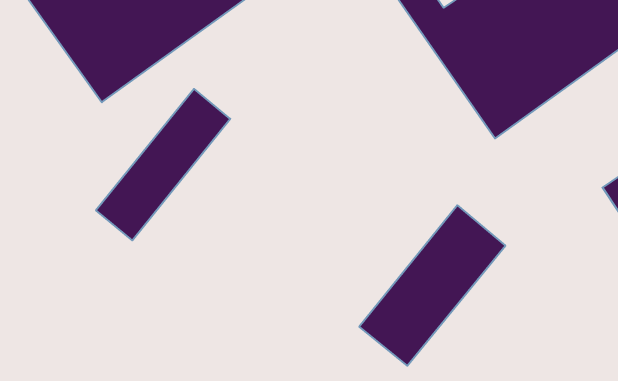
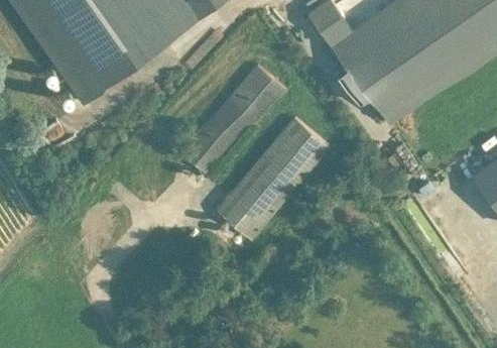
building: [96,89,230,240] -> [181,57,286,176]
building: [359,205,505,366] -> [216,114,330,239]

